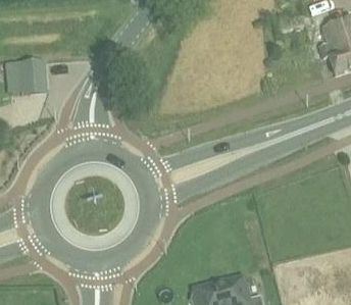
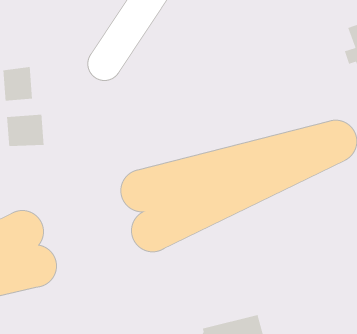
building: none -> [6,114,44,147]

